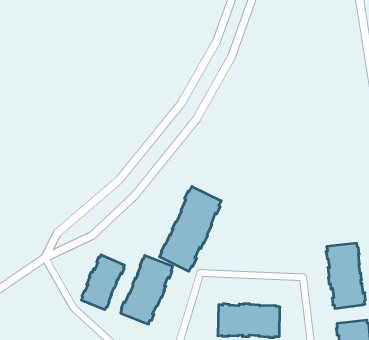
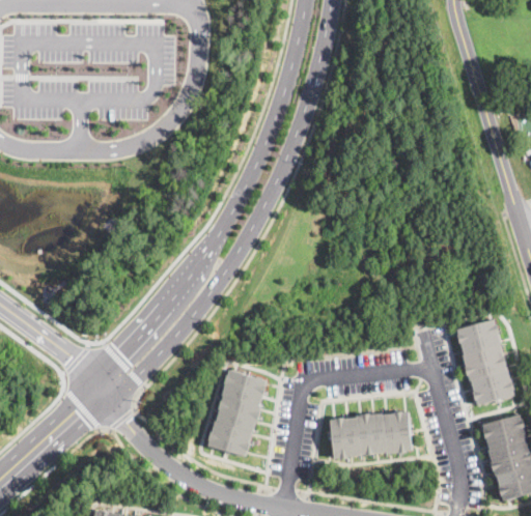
building: [159,186,221,271] -> none
building: [81,255,124,310] -> none

